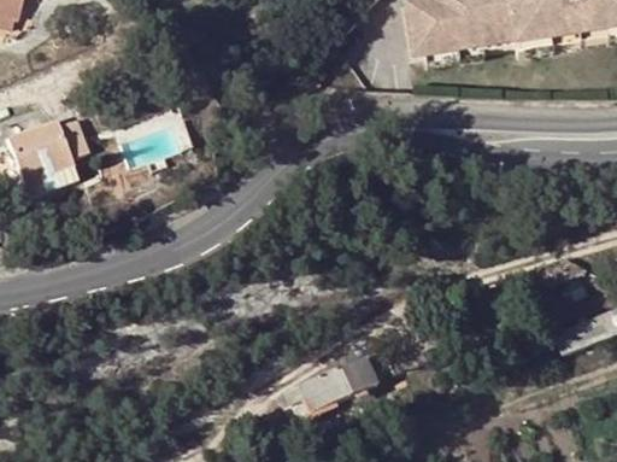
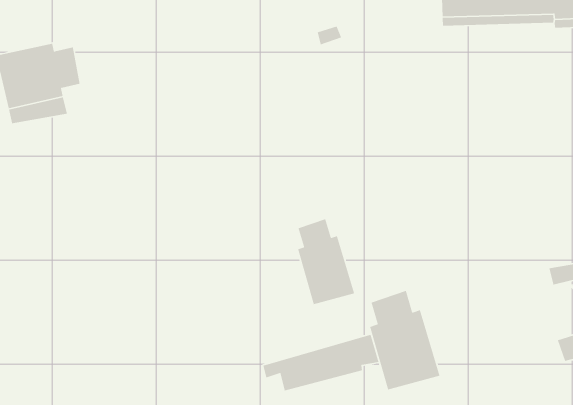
building: none -> [297,218,355,305]
building: none -> [369,290,441,391]

